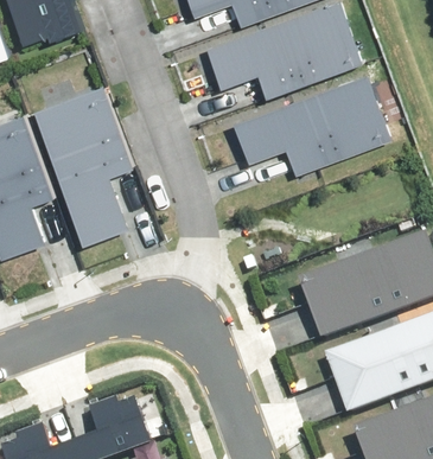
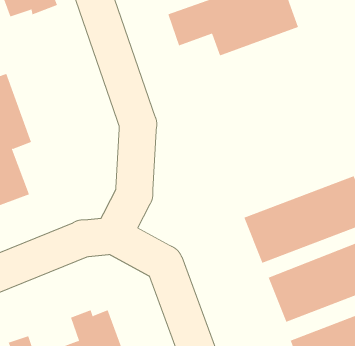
building: [237,72,394,170] -> none
building: [27,88,126,248] -> none

